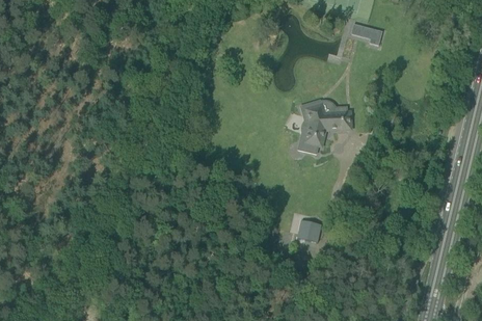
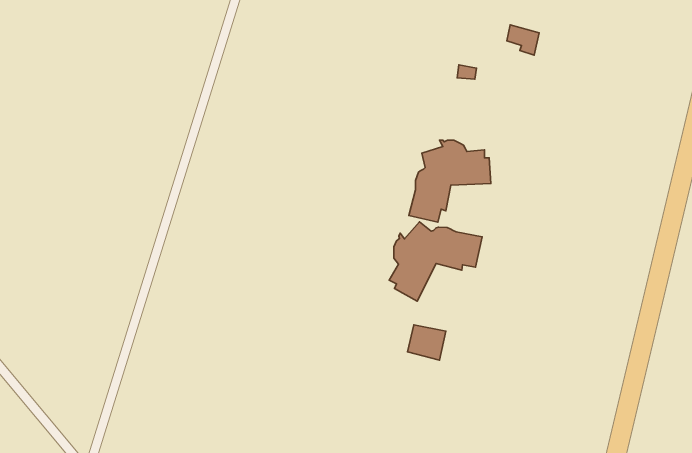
building: none -> [389,222,482,301]

